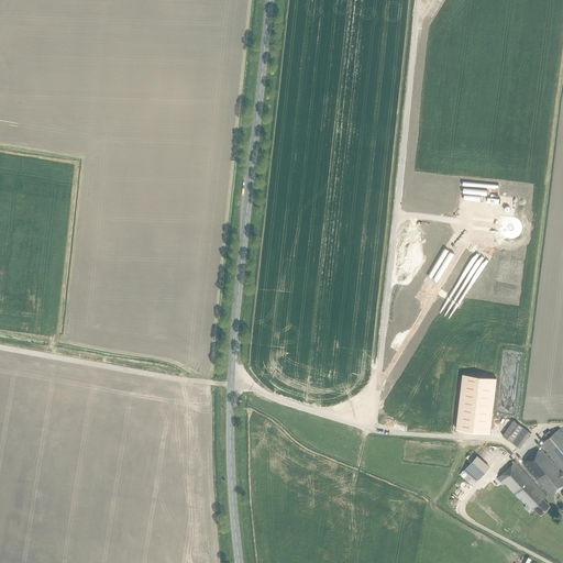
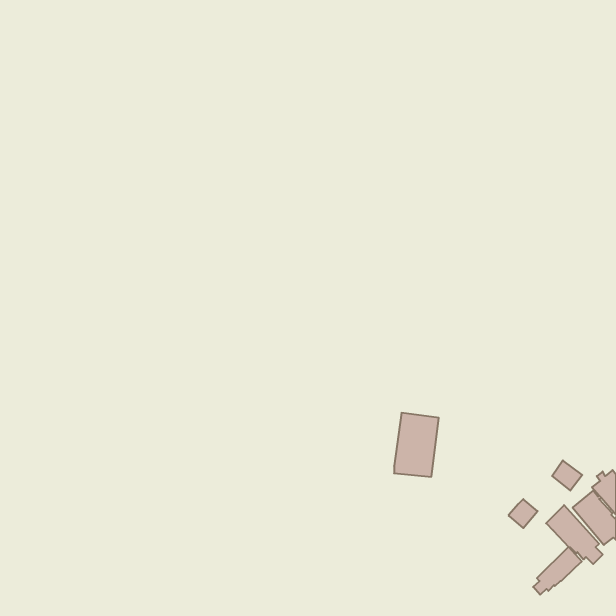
building: [456,374,497,432] -> [394,413,439,477]
building: none -> [533,547,582,595]

